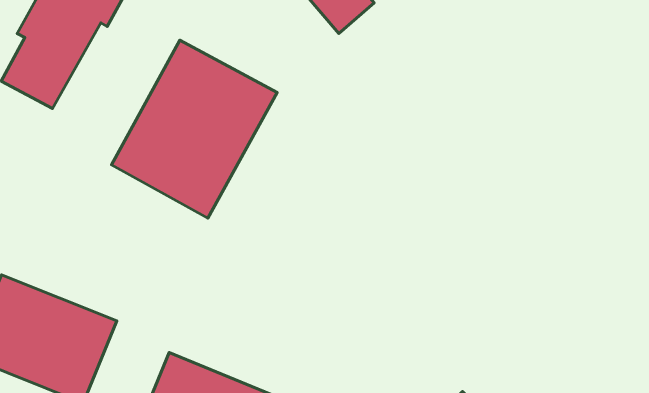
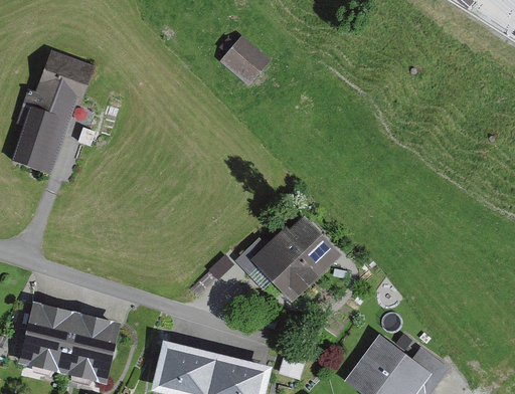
building: [112,40,277,218] -> none
building: none -> [233,216,341,302]

